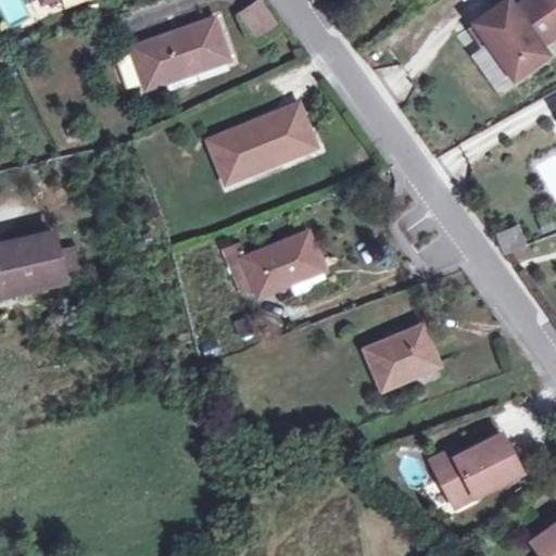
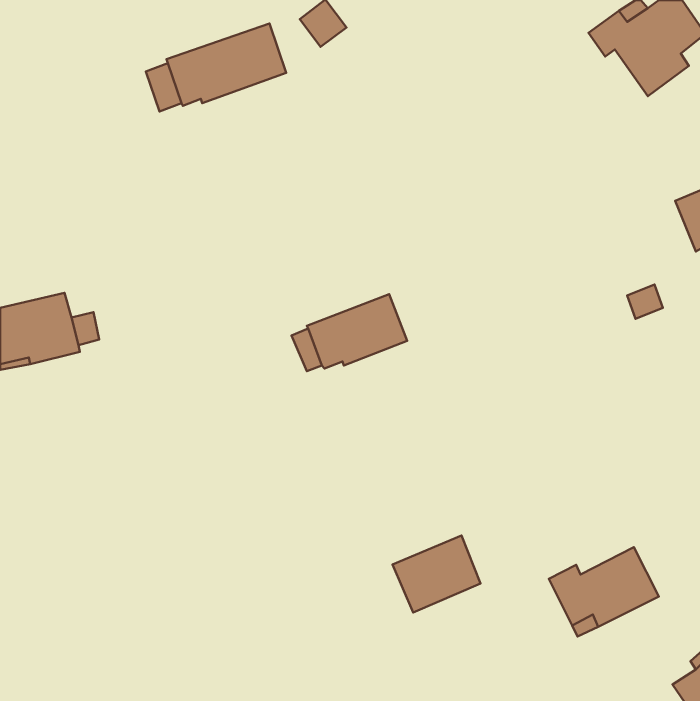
building: [210,105,315,178] -> none
building: [368,327,438,388] -> [393,536,481,613]

